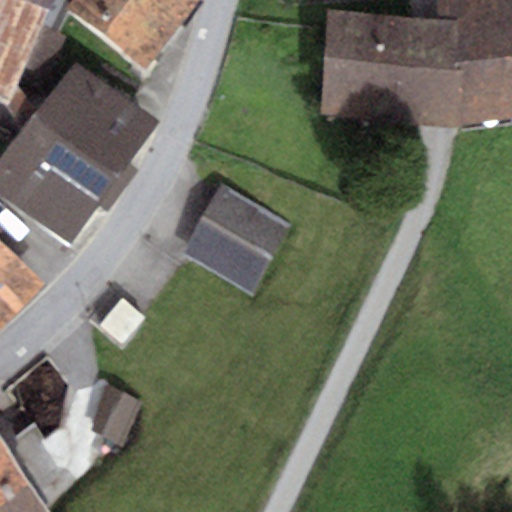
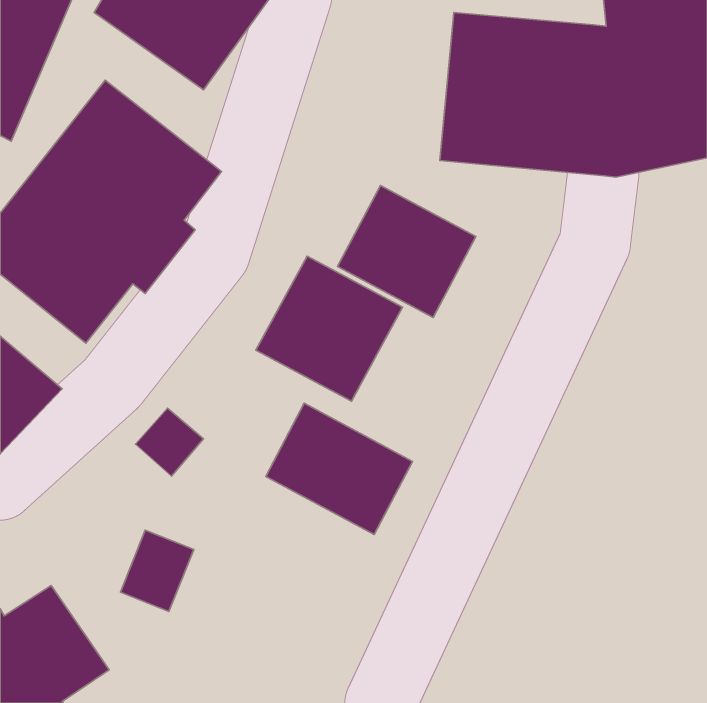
building: none -> [338,186,476,318]
building: none -> [266,403,413,535]

